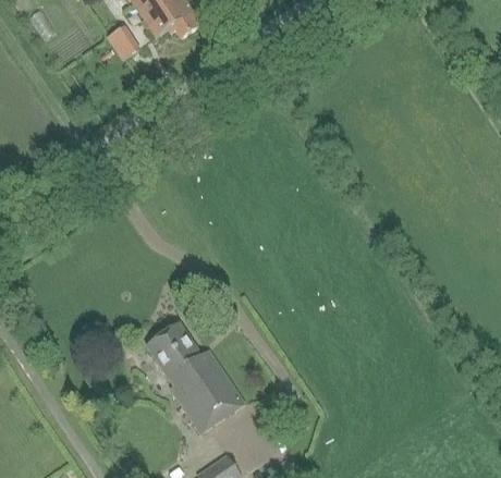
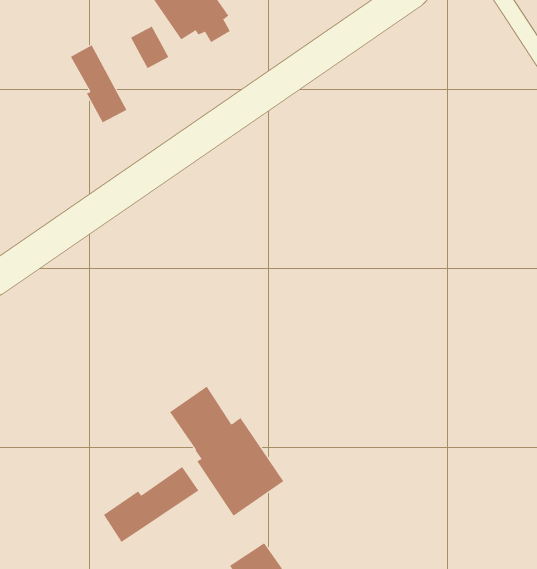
building: none -> [70,45,127,123]
building: none -> [103,466,199,543]

